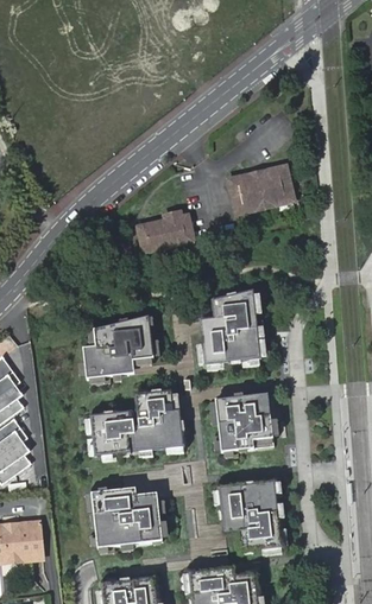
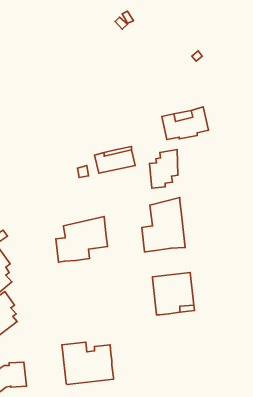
building: none -> [149,149,178,188]
building: [92,390,184,456] -> none
building: [220,482,283,552] -> none

